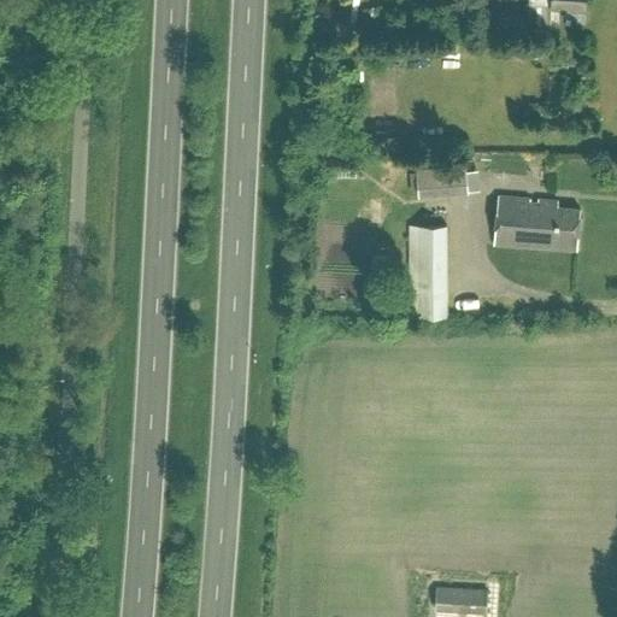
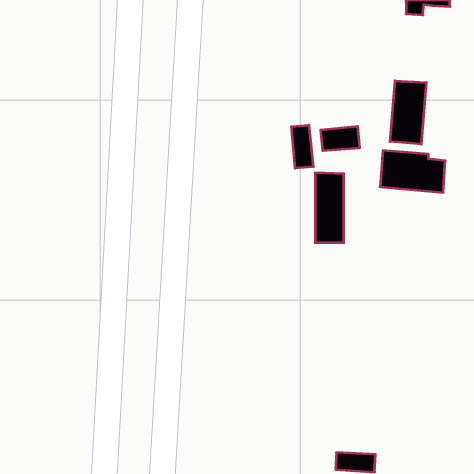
building: none -> [390,81,426,144]
building: none -> [292,125,313,168]

